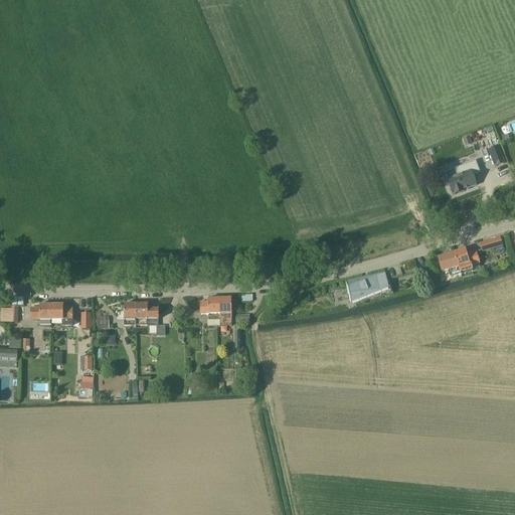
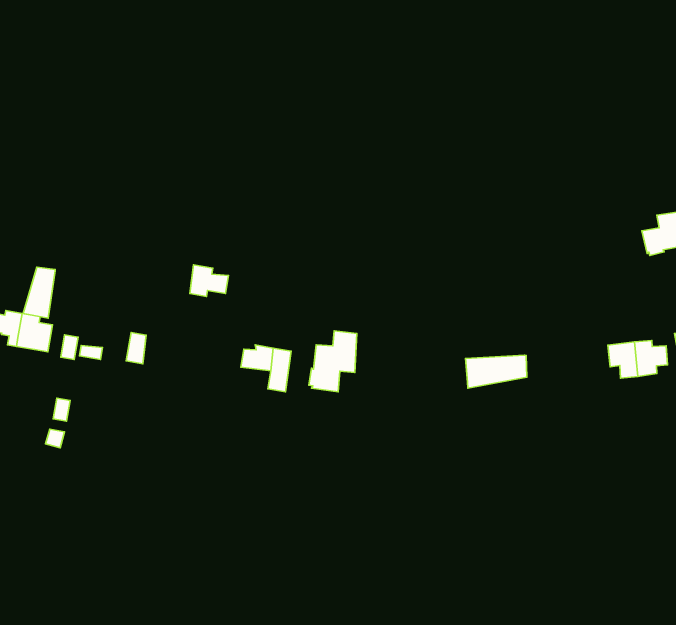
building: none -> [23,267,55,318]
building: none -> [309,331,357,392]
building: [135,303,159,322] -> [190,265,228,296]

